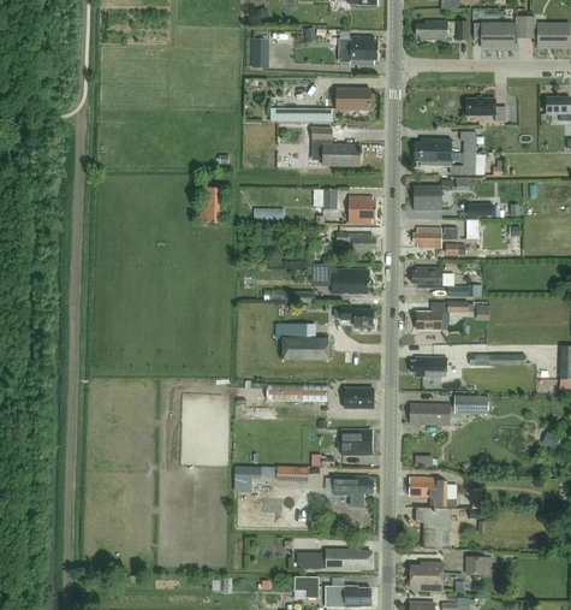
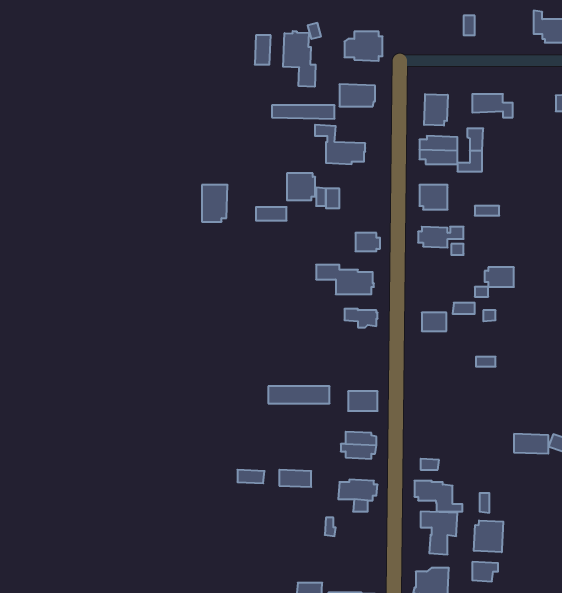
building: [481,16,525,47] -> none
building: [415,20,447,40] -> none
building: none -> [283,31,316,87]
building: none -> [424,94,448,126]
building: [347,196,375,223] -> [287,173,315,200]
building: [412,268,441,288] -> [485,267,514,287]
building: [274,322,328,360] -> none
building: [410,357,446,377] -> none
building: [454,395,488,414] -> [514,434,548,454]
building: [409,403,450,425] -> none
building: none -> [474,520,503,552]
building: [297,550,371,568] -> none

